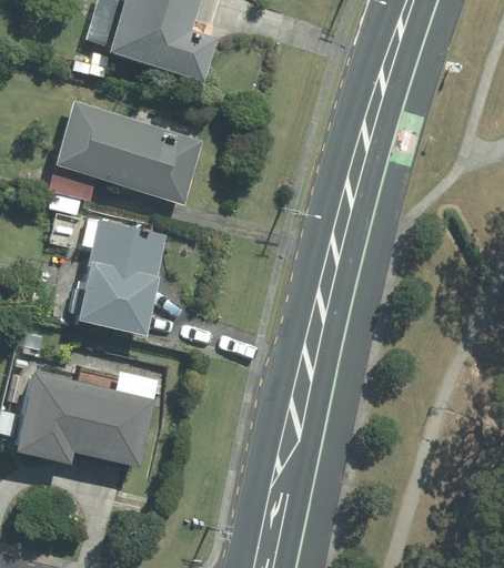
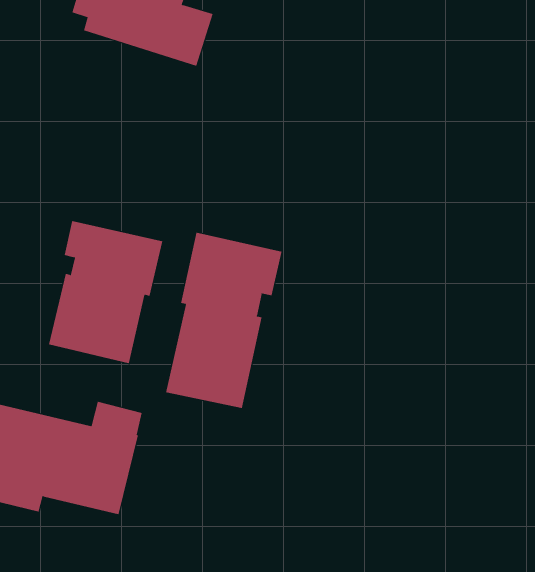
building: [53,98,206,205] -> none
building: none -> [165,232,282,409]

